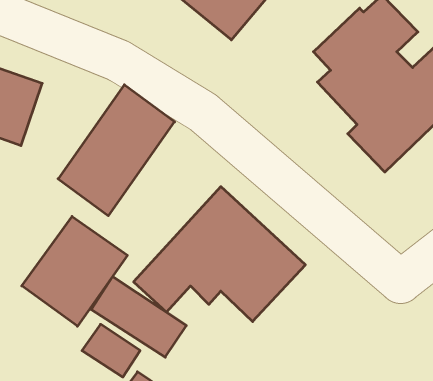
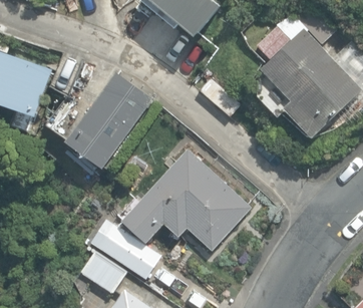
building: [22,216,127,326] -> none

